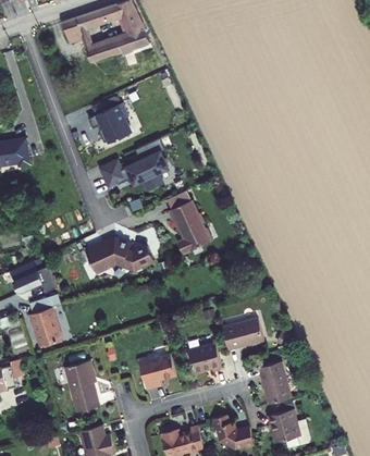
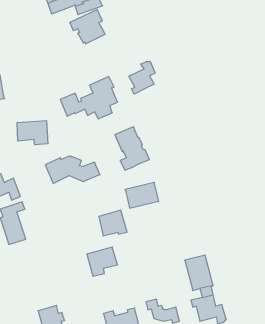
building: [91,103,135,146] -> [70,9,105,44]
building: none -> [129,61,155,94]
building: none -> [17,121,48,145]
building: [220,318,261,349] -> [125,182,159,208]
building: [185,342,220,373] -> [99,210,127,236]
building: [61,357,96,409] -> none

